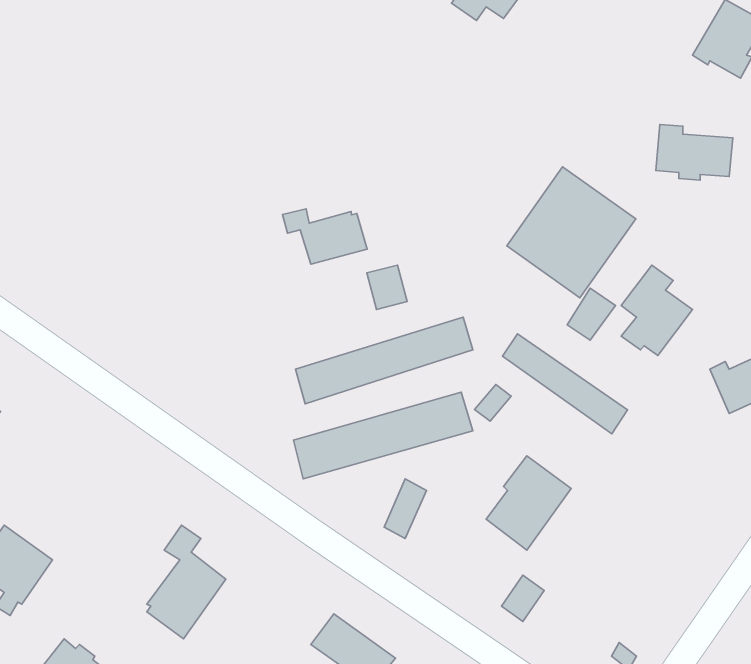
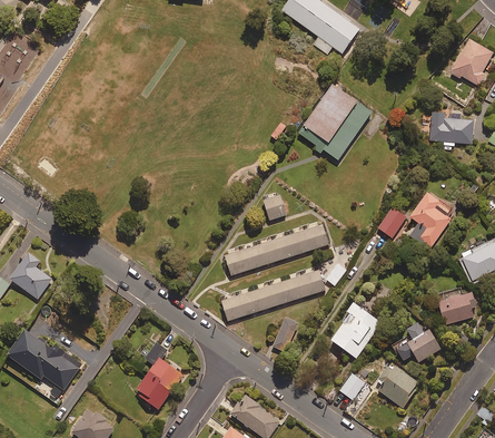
building: [507,167,636,298] -> [299,81,374,157]
building: [283,209,367,264] -> none
building: [502,334,627,434] -> none
building: none -> [438,293,476,324]
building: none -> [397,320,440,362]
building: none -> [373,359,418,407]

